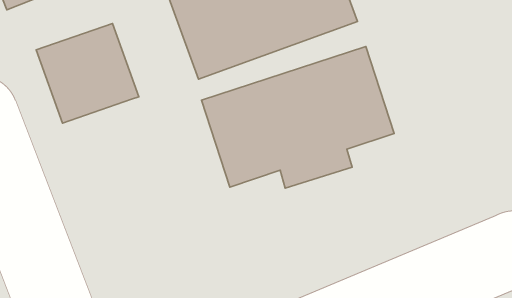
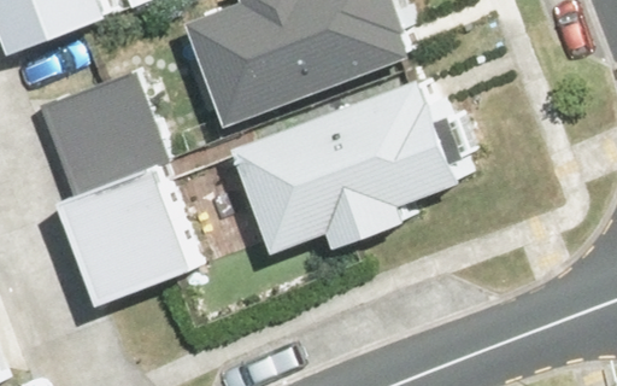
building: none -> [66,146,193,286]

